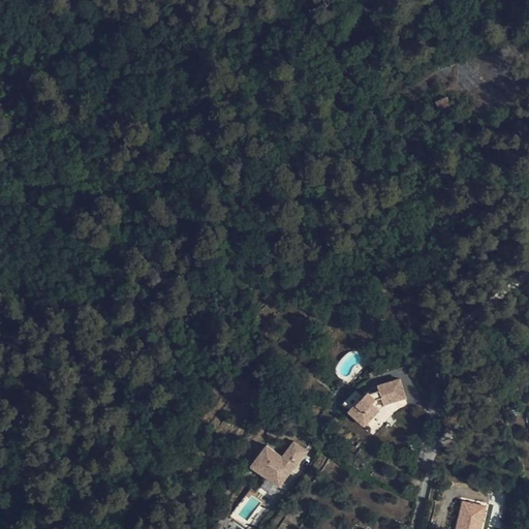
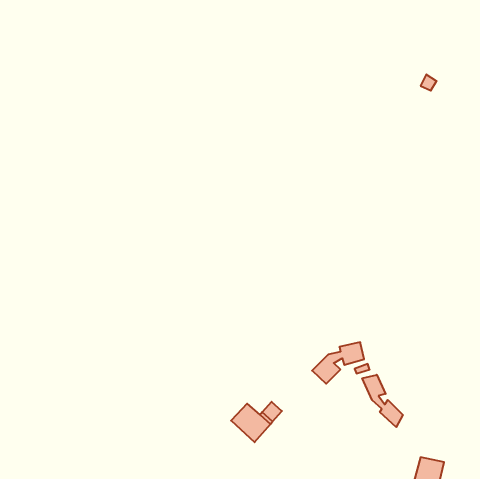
building: none -> [362,375,403,427]

